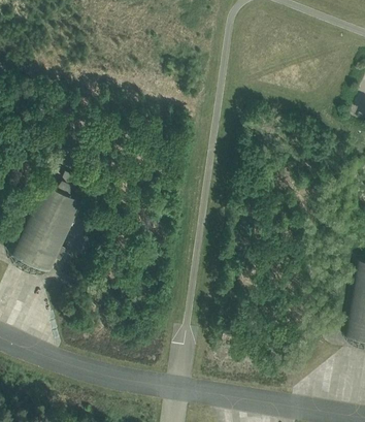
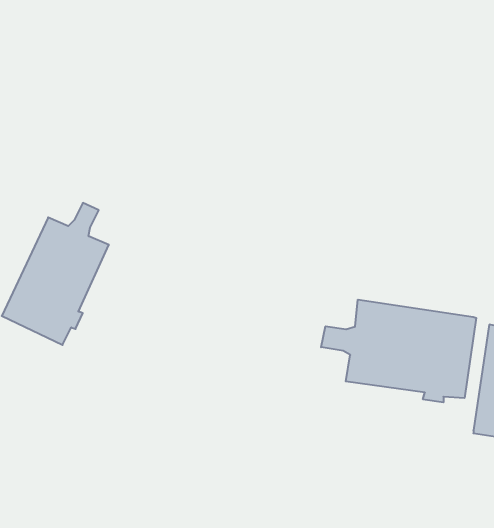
building: none -> [321,300,476,402]

